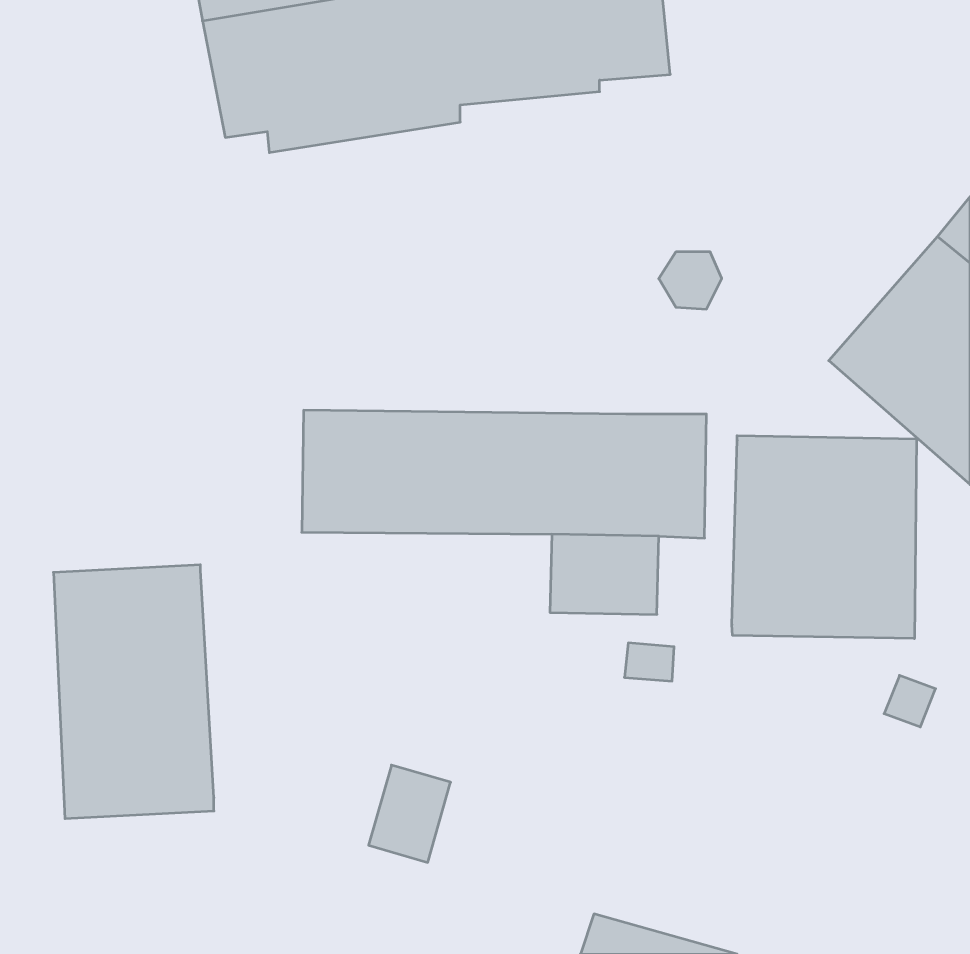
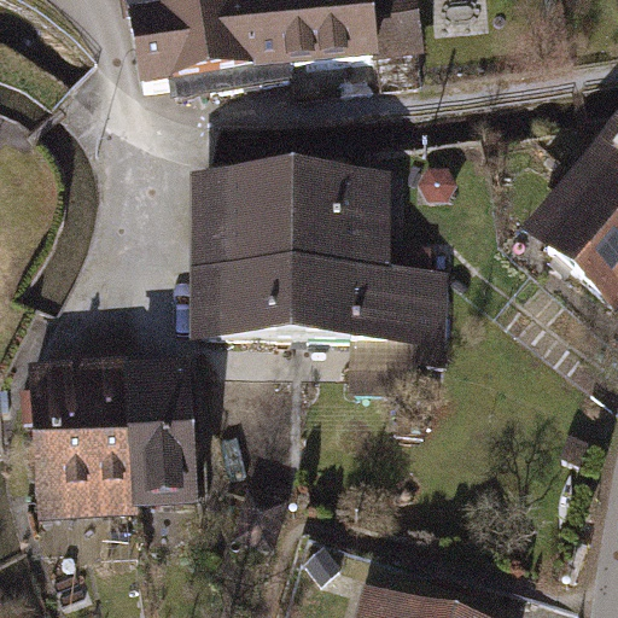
building: none -> [192,165,397,262]
building: [732,436,916,639] -> none
building: none -> [127,358,198,505]

